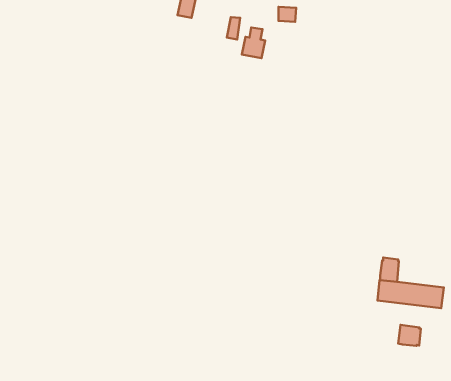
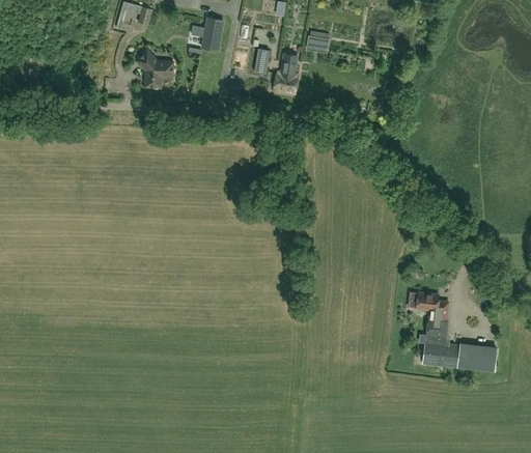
building: none -> [135,49,172,87]
building: none -> [415,292,447,317]
building: [398,325,421,346] -> none

